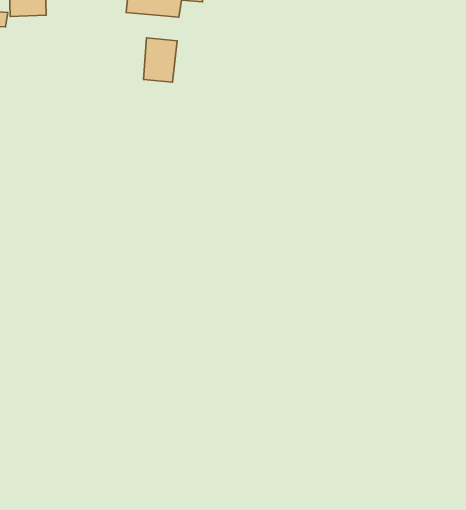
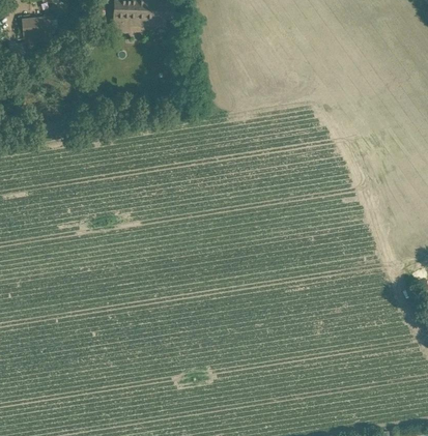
building: [143,38,177,82] -> none

